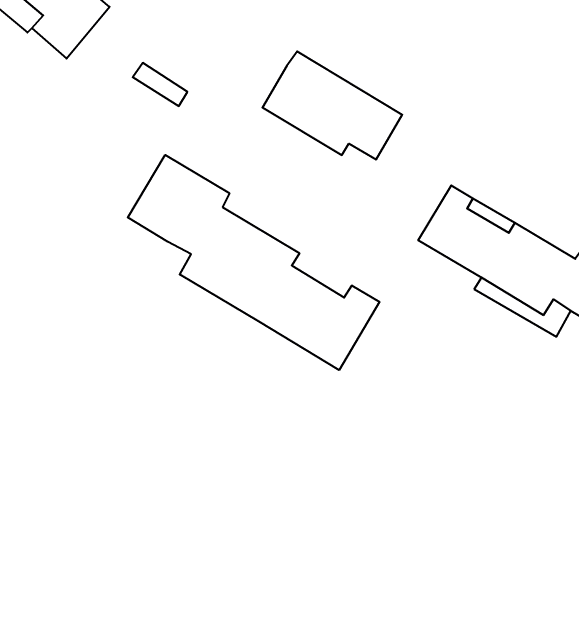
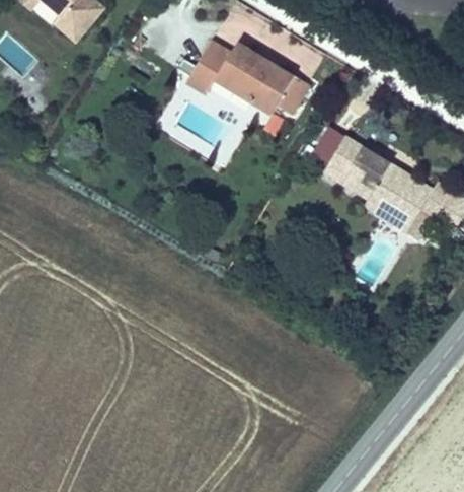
building: none -> [184,38,229,95]
building: [128,155,379,370] -> none

